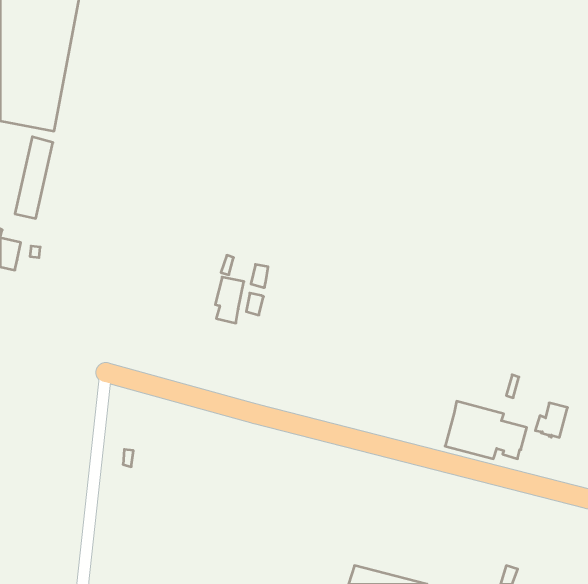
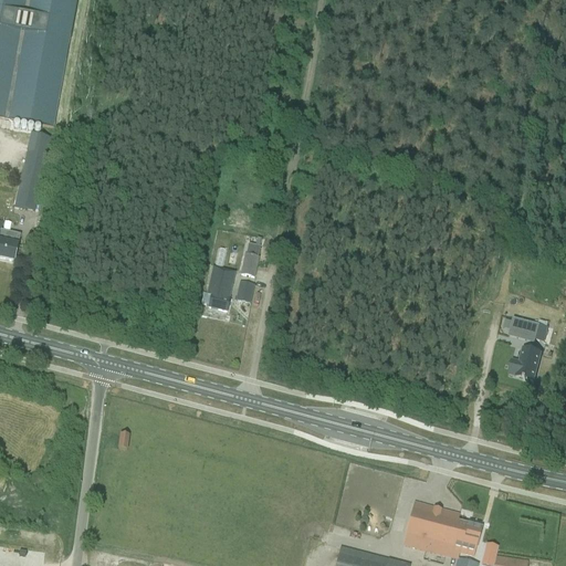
building: none -> [509,316,538,338]
building: [445,401,527,459] -> [402,501,481,556]
building: [535,403,568,437] -> [510,347,541,380]

